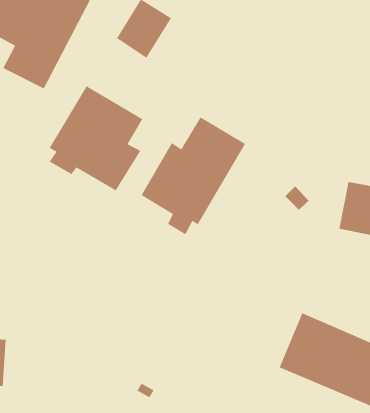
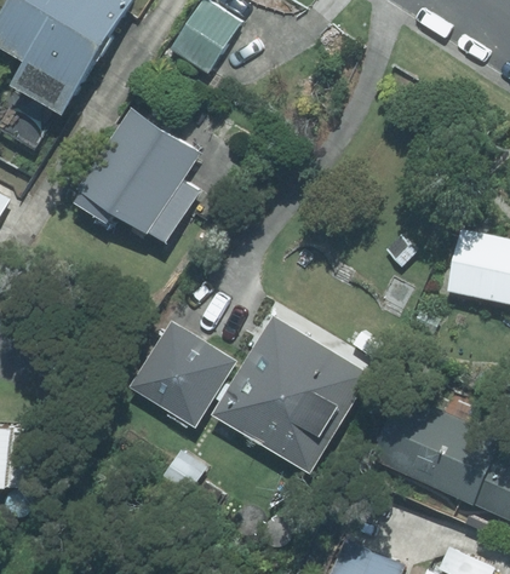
building: [141,116,246,235] -> none
building: none -> [214,316,371,470]
building: none -> [127,321,236,429]

